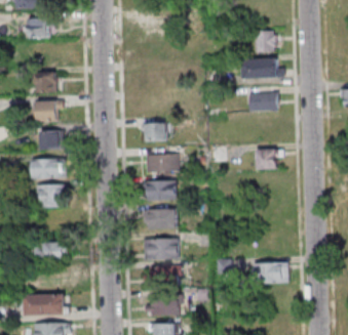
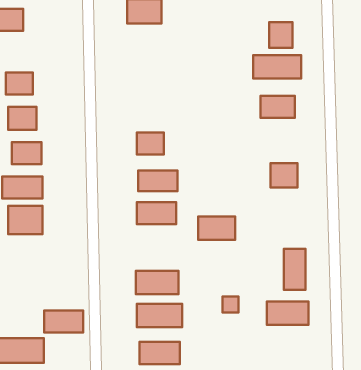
building: [146,208,177,227] -> [198,217,235,240]
building: none -> [284,249,305,290]
building: [34,242,67,260] -> [44,310,83,333]

